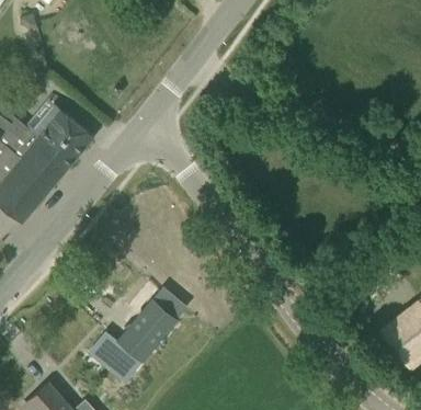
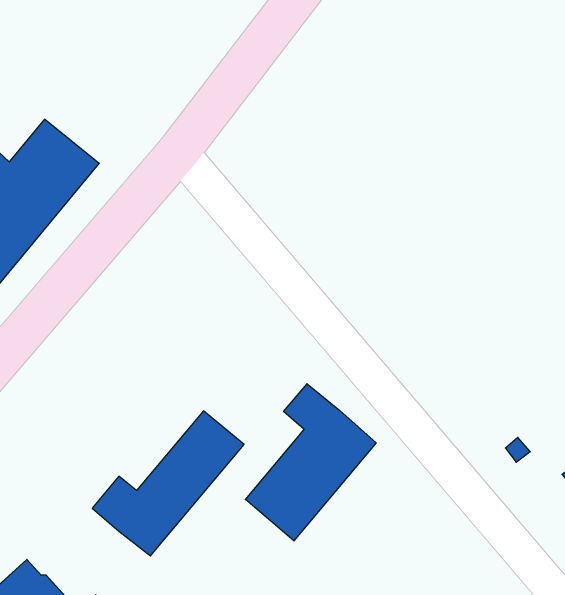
building: none -> [245,384,376,541]

